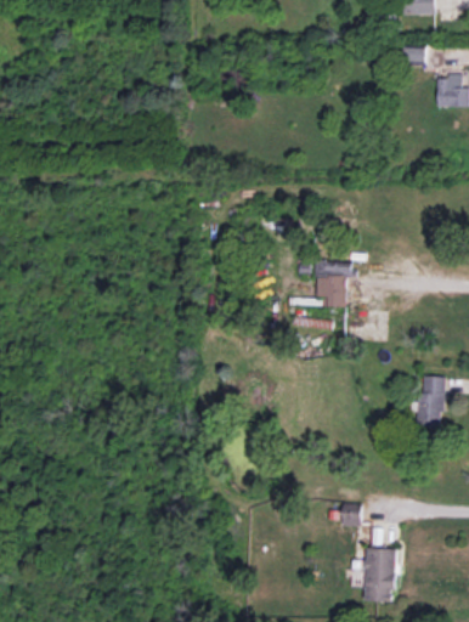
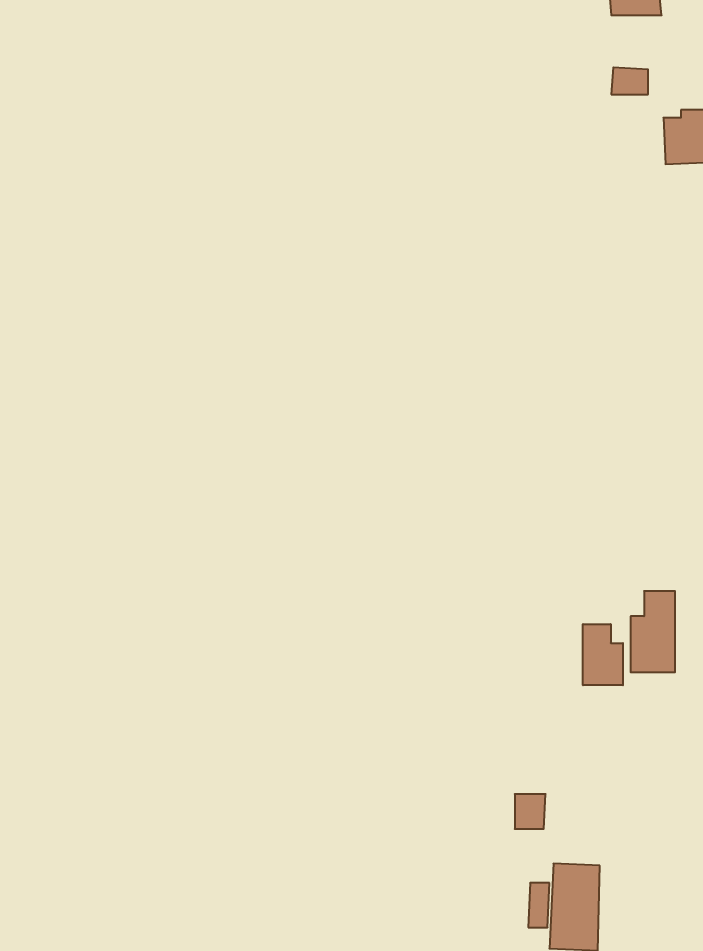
building: [316,261,352,307] -> none
building: none -> [583,624,623,685]

